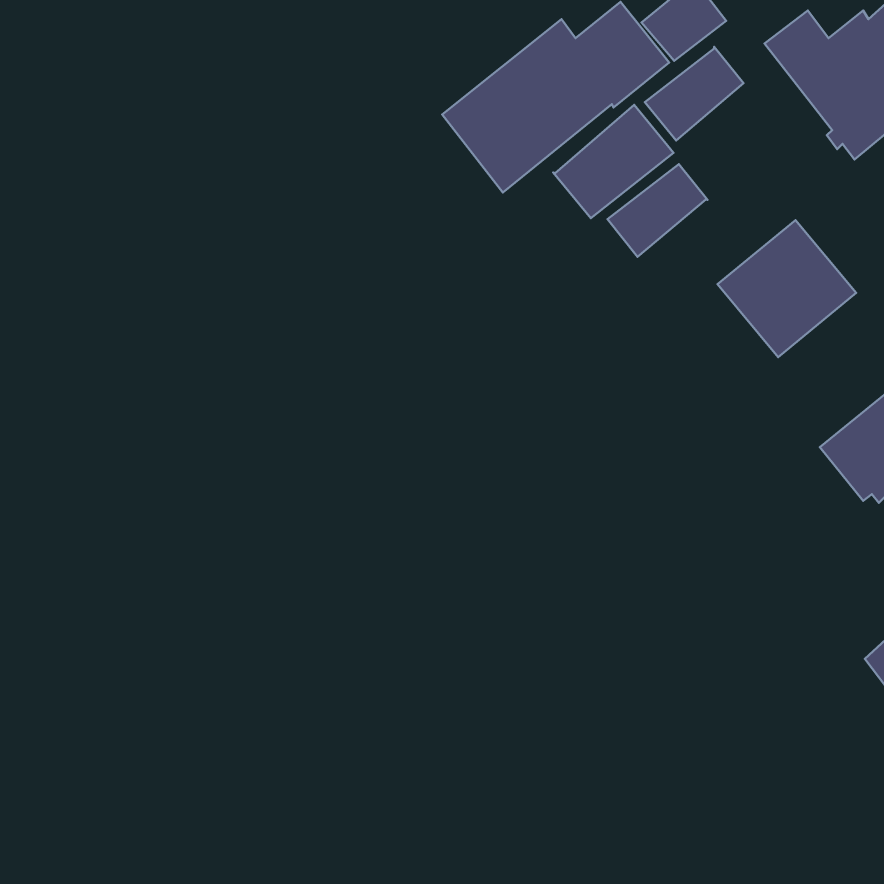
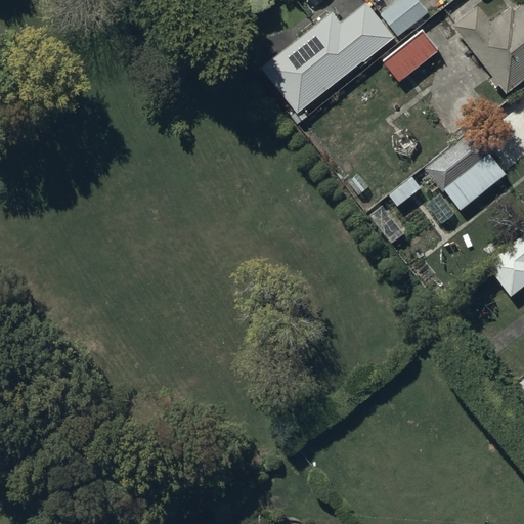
building: [553,105,673,218] -> none
building: [607,164,708,257] -> none

